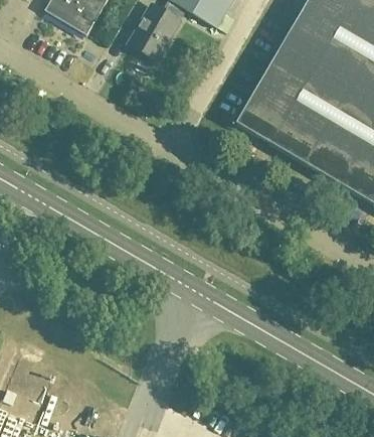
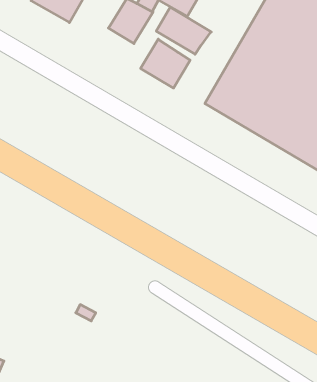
building: none -> [156,7,211,54]
building: none -> [141,39,190,88]

